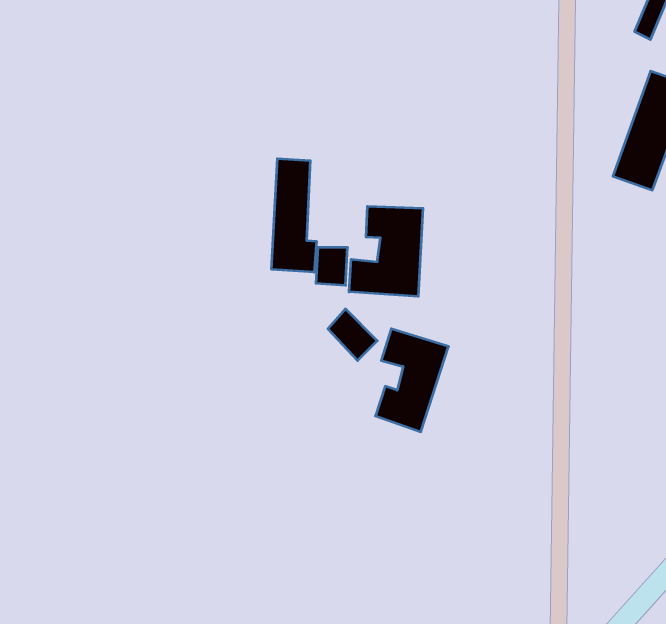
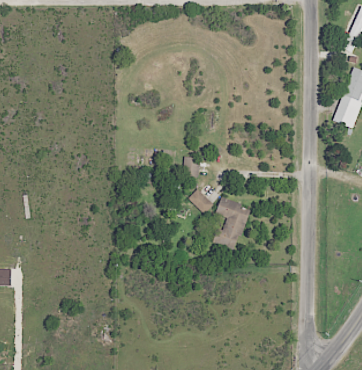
building: [272,159,316,272] -> none
building: [349,206,423,296] -> none

